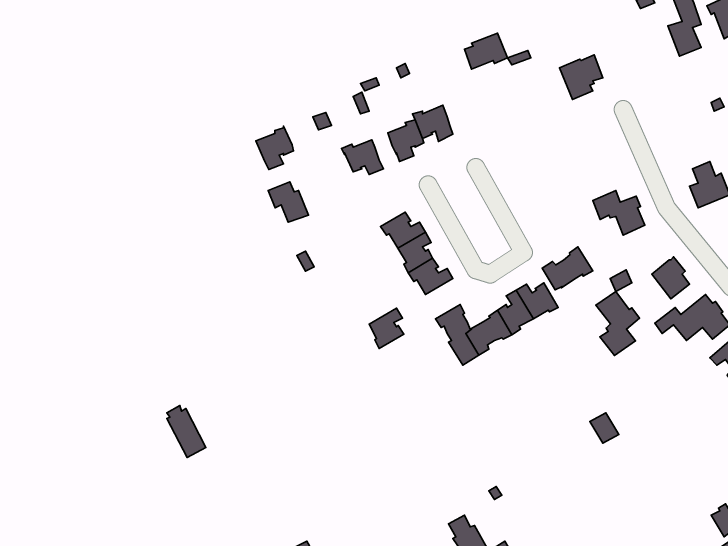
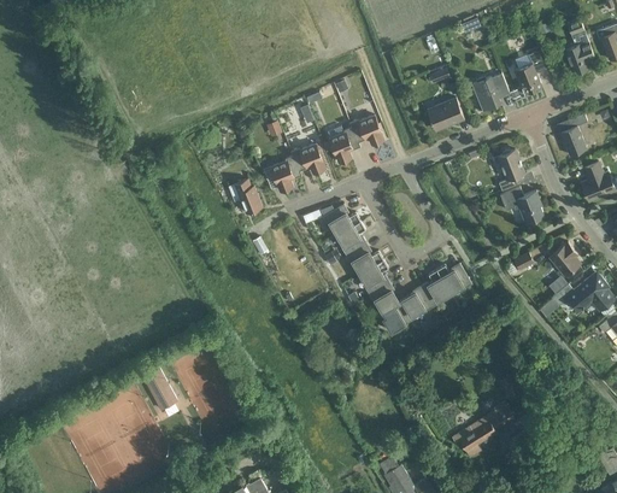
building: [464,33,508,69] -> [427,98,463,128]
building: none -> [513,55,545,93]
building: none -> [559,112,586,155]
building: [256,126,293,170] -> [269,154,300,190]
building: none -> [496,149,523,190]
building: [542,247,593,290] -> none
building: [596,292,640,356] -> none
building: [369,308,404,349] -> [359,259,388,293]
building: none -> [452,401,515,457]

